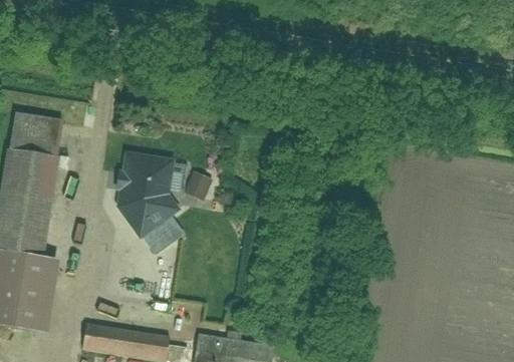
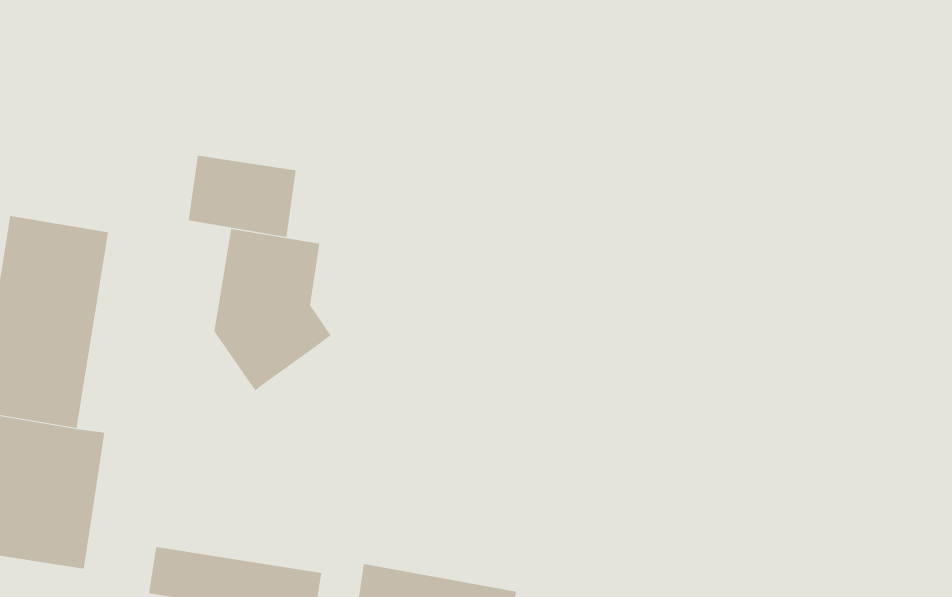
building: [7,110,65,154] -> [188,155,296,237]
building: [183,170,213,201] -> none
building: [143,216,185,255] -> none

